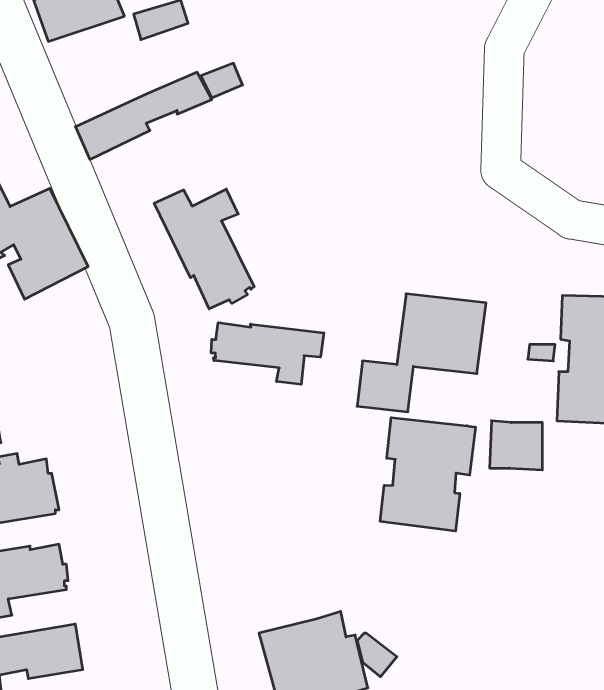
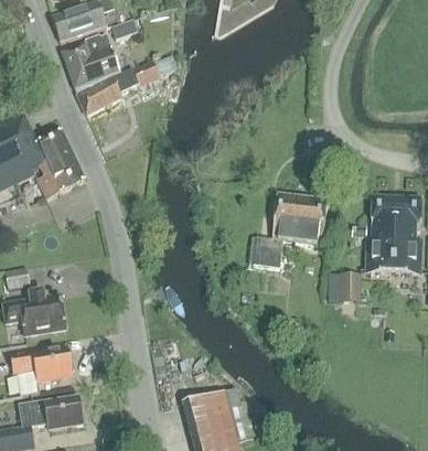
building: none -> [61,34,119,94]
building: [154,189,254,309] -> none
building: [211,323,324,384] -> none
building: [380,418,475,531] -> none

